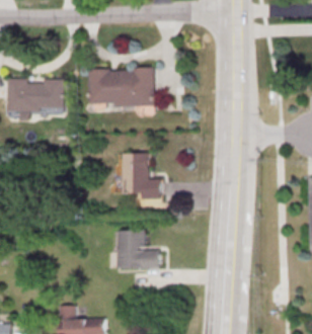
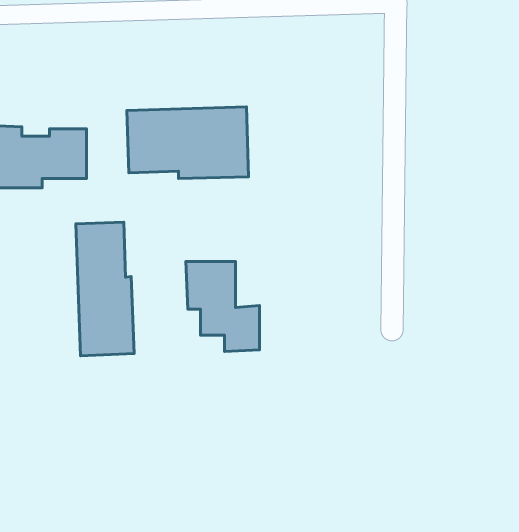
building: none -> [76,222,134,356]
building: [112,229,161,267] -> none

